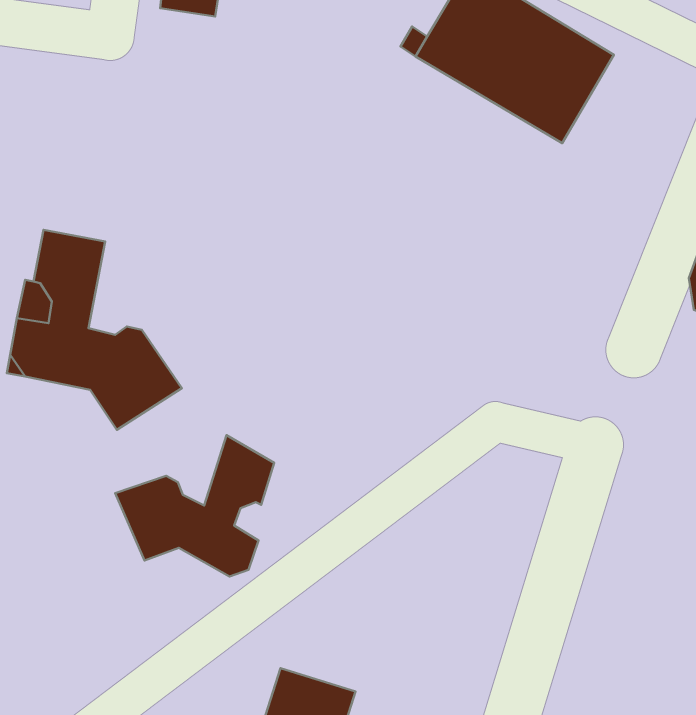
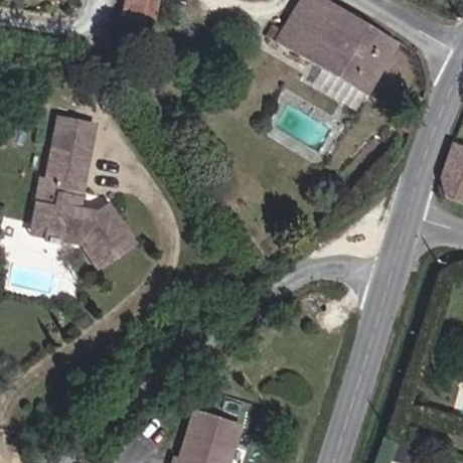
building: none -> [52,117,96,154]
building: [115,435,274,576] -> none

